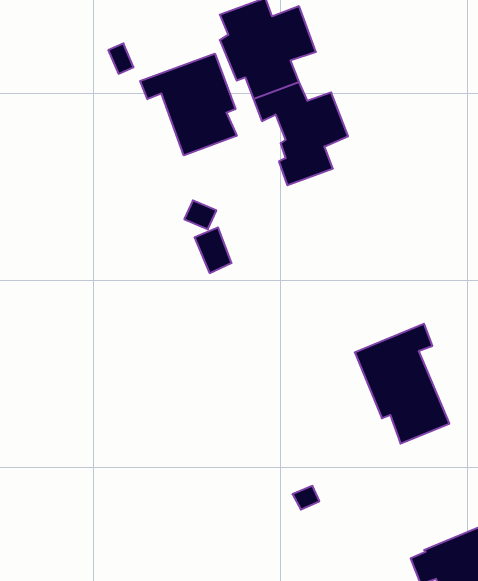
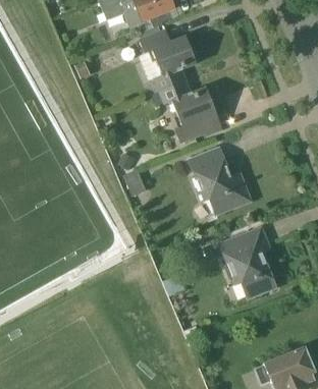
building: [140,54,237,155] -> none
building: none -> [190,148,253,214]

